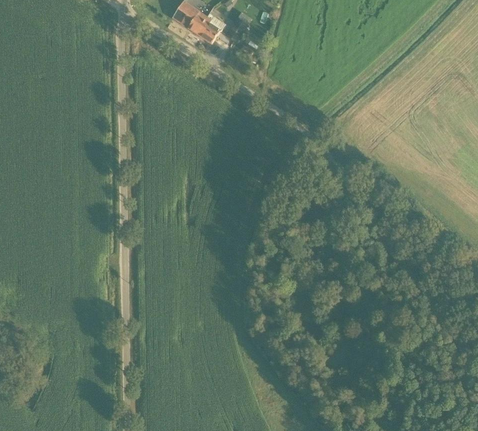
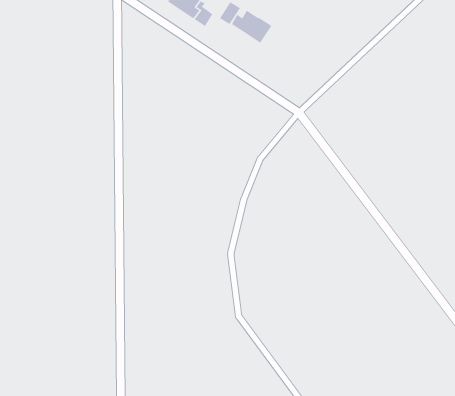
building: none -> [231,10,272,43]

